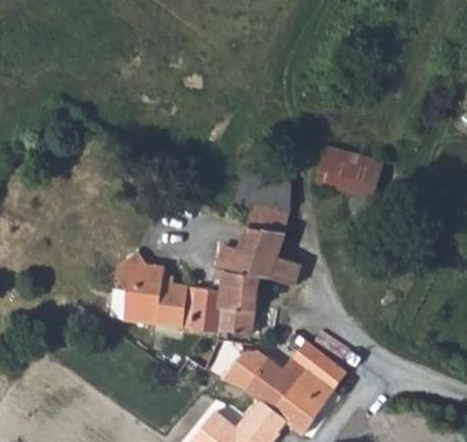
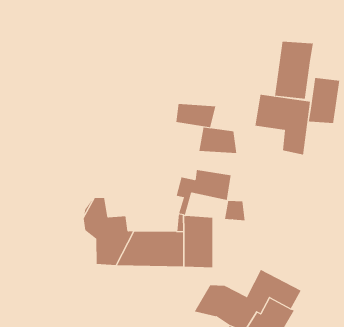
building: none -> [274,41,313,100]
building: none -> [308,77,340,124]
building: [245,202,293,233] -> [175,104,216,128]
building: [226,248,275,281] -> none

